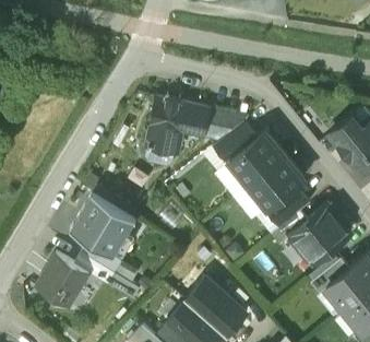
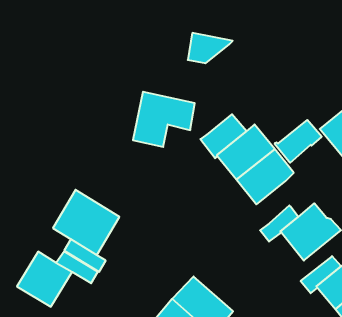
building: [203,111,247,141] -> [188,33,233,63]
building: [264,187,310,228] -> [275,120,322,163]

